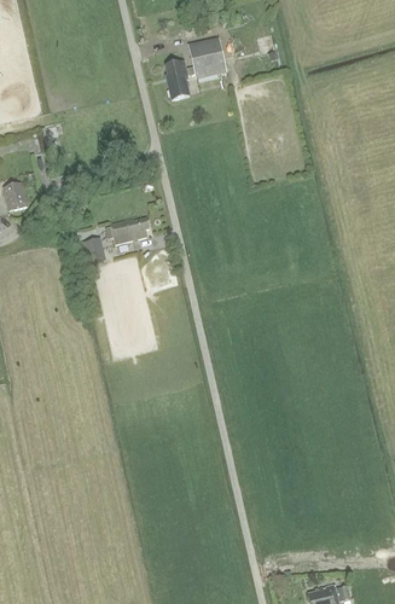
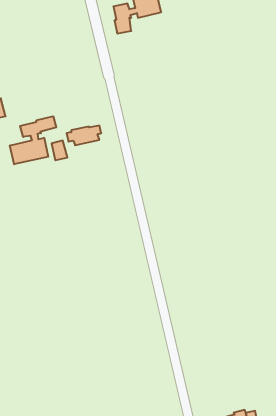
building: none -> [10,116,56,164]

